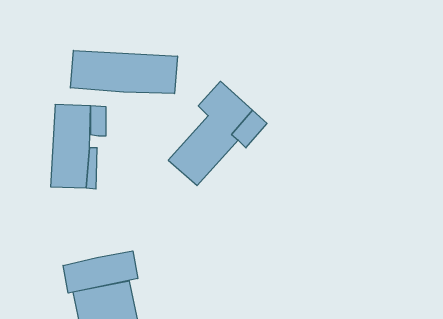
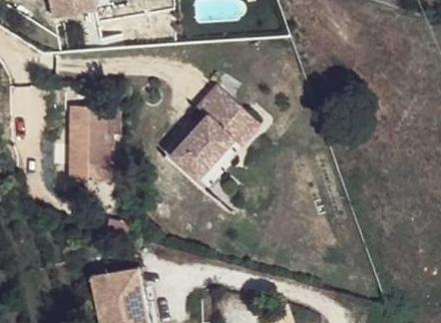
building: [70,50,177,94] -> none
building: [63,251,138,293] -> none

